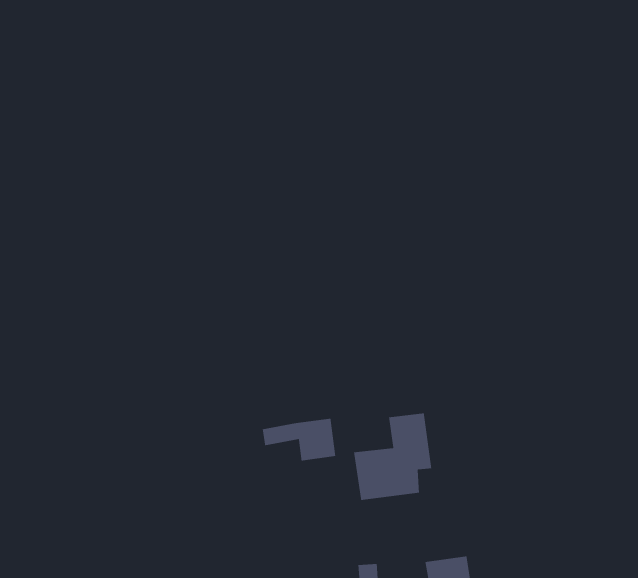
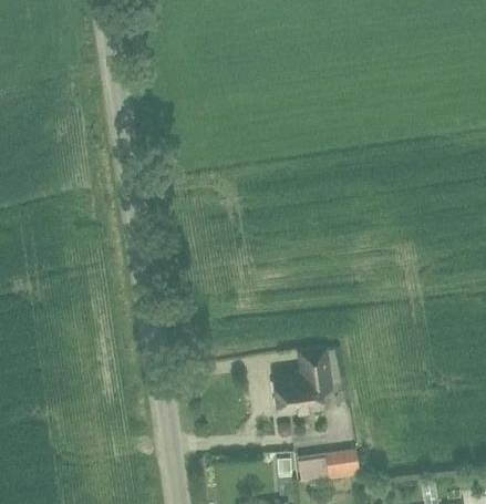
building: [262,418,336,461] -> none

